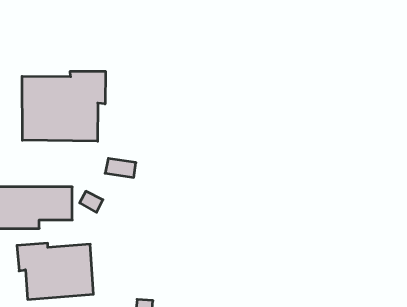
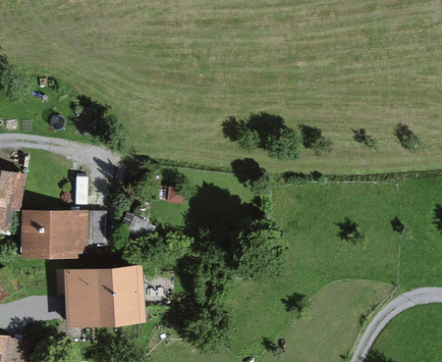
building: [22,71,105,141] -> none

